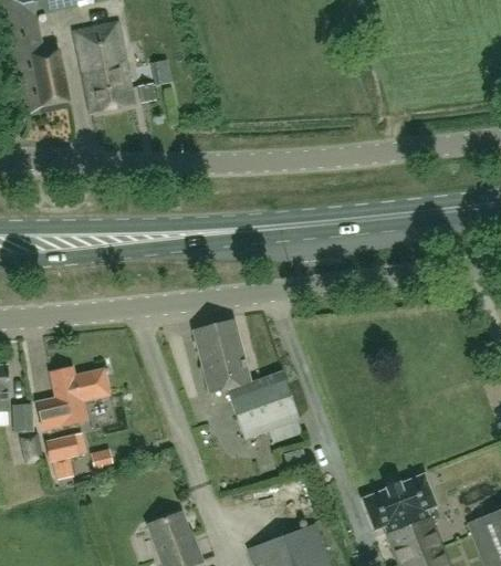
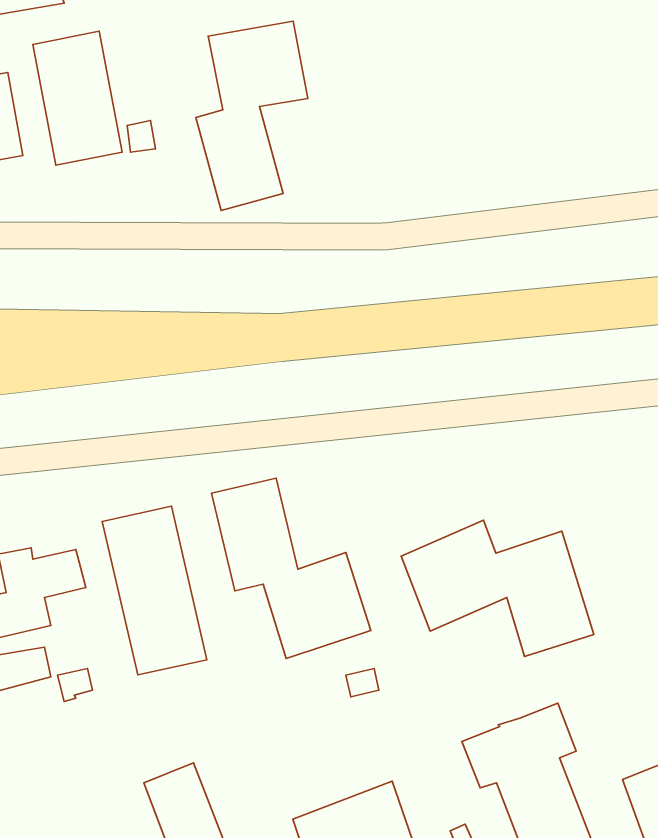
building: none -> [196,21,308,211]
building: none -> [102,506,207,675]
building: none -> [401,520,594,657]

